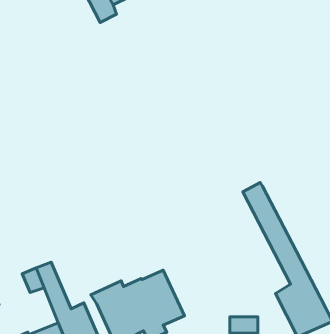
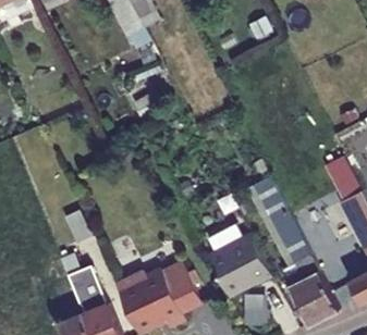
building: none -> [210,234,271,295]

